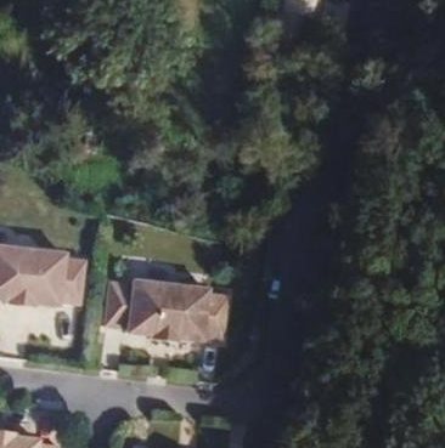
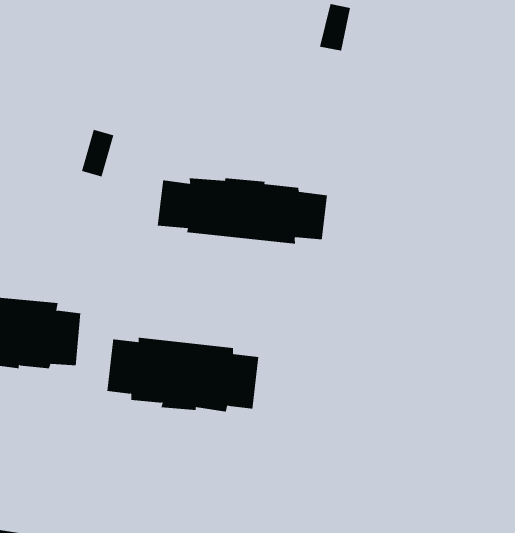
building: none -> [157,178,328,245]

